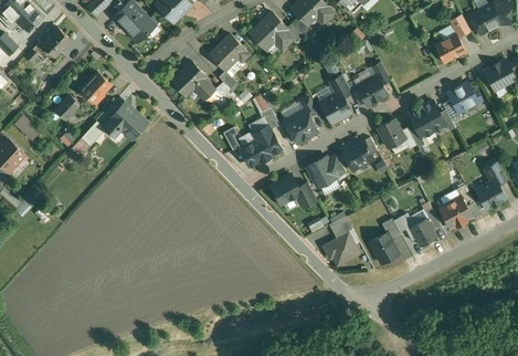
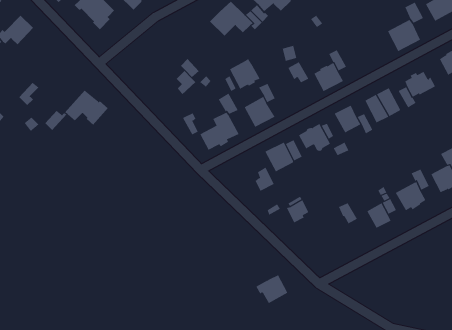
building: [209,34,250,71] -> none
building: [171,62,214,98] -> none
building: [81,73,110,105] -> none
building: [319,92,351,124] -> [229,58,260,90]
building: [271,175,300,205] -> none
building: [369,233,398,263] -> none
building: [324,234,357,264] -> [256,275,288,304]

